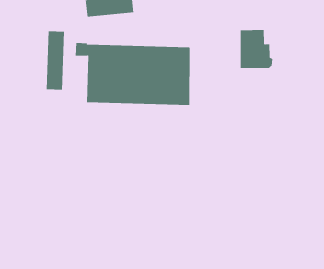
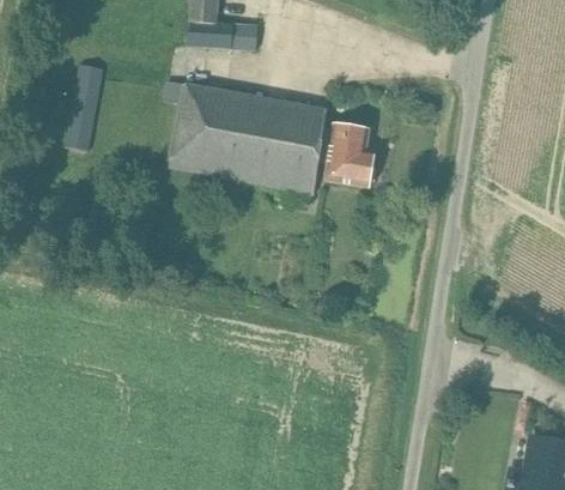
building: [240,30,273,68] -> [324,125,373,186]
building: [46,31,65,90] -> [63,63,103,151]

